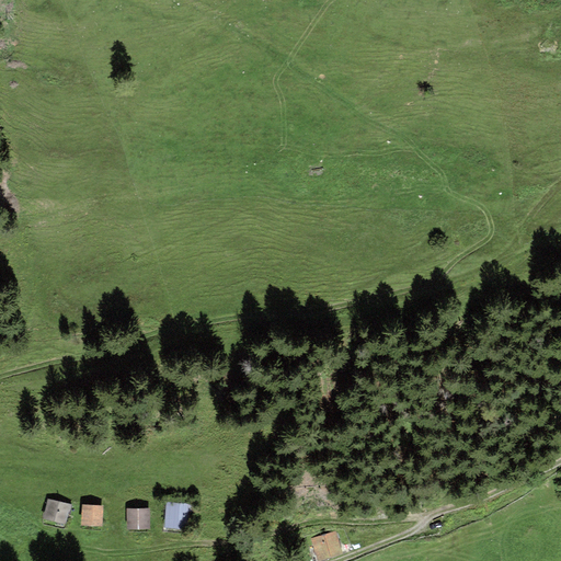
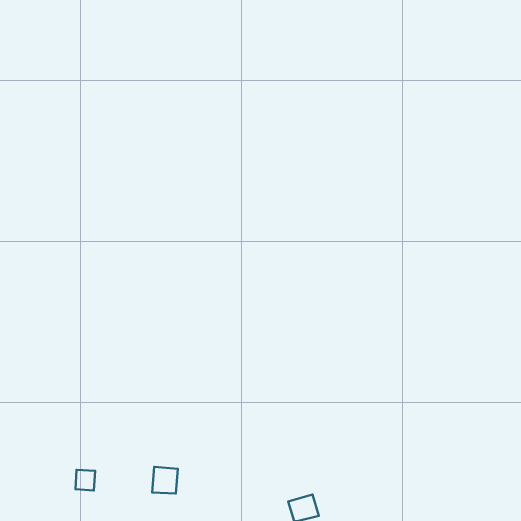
building: [42,497,70,524] -> none
building: [125,507,148,529] -> none

